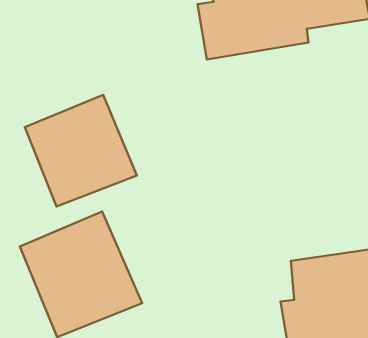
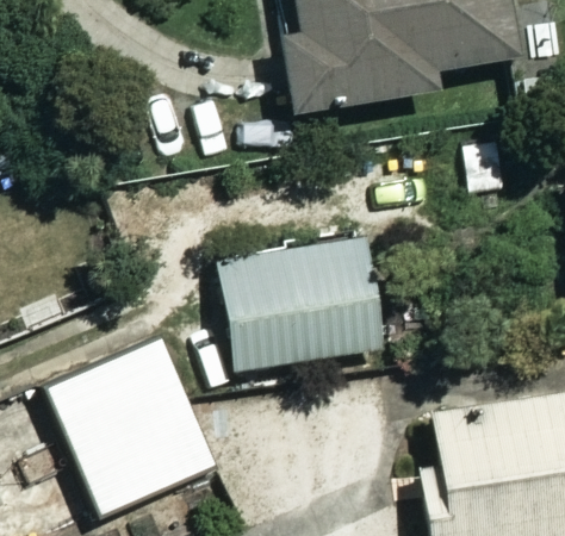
building: [25,95,137,206] -> none
building: none -> [228,247,385,369]

